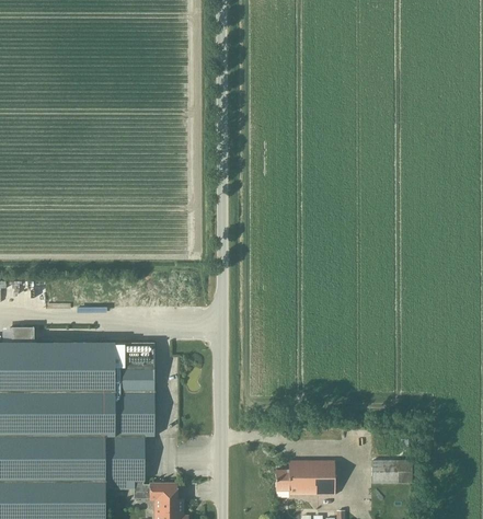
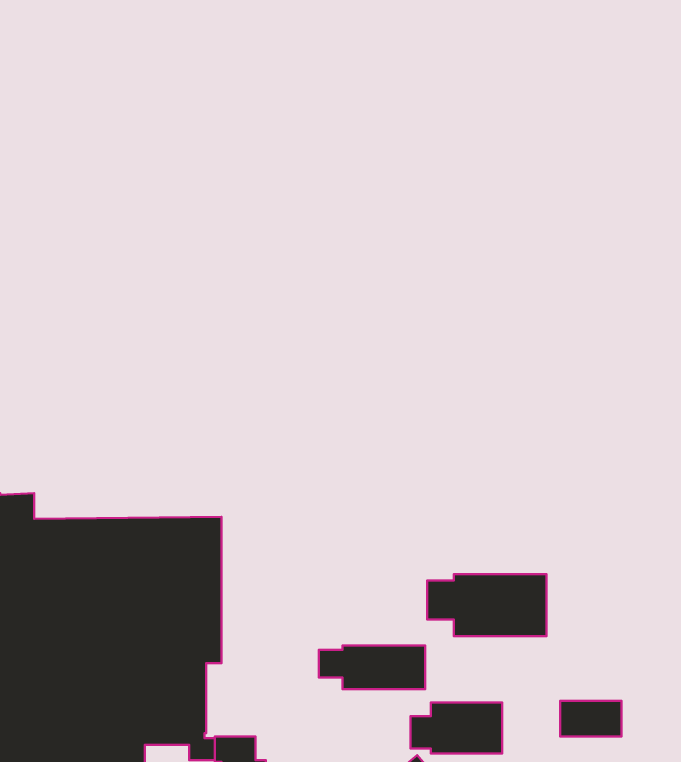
building: none -> [427,574,547,636]
building: none -> [319,646,425,689]

